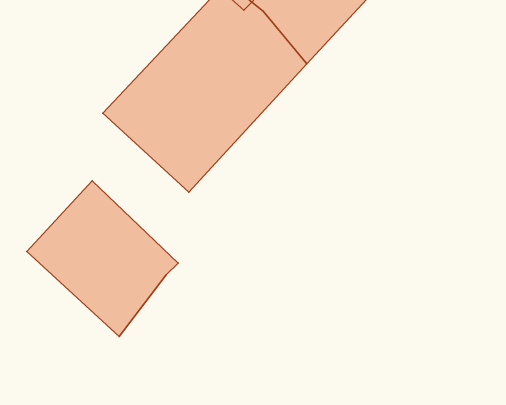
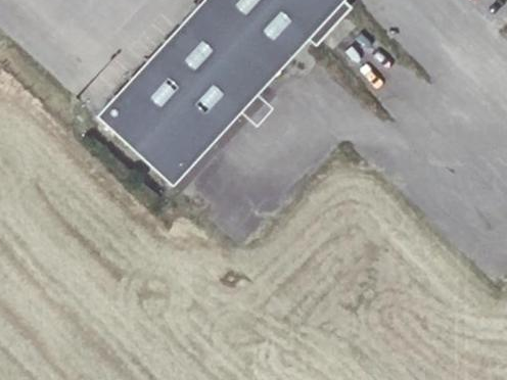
building: [27,181,178,336] -> none

